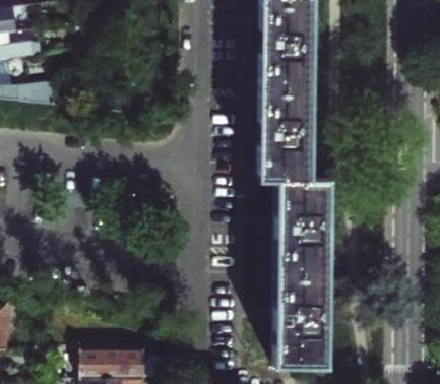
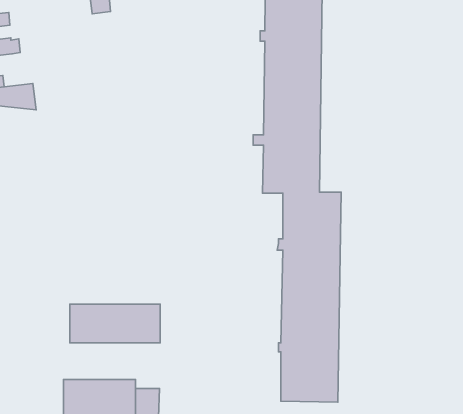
building: none -> [70,304,160,343]

